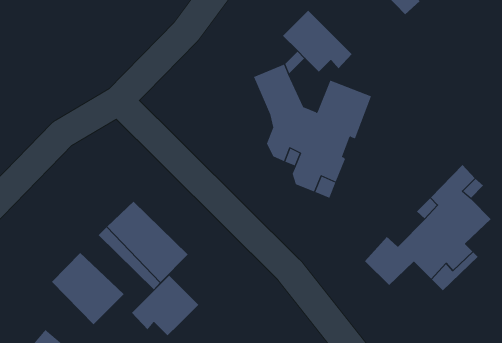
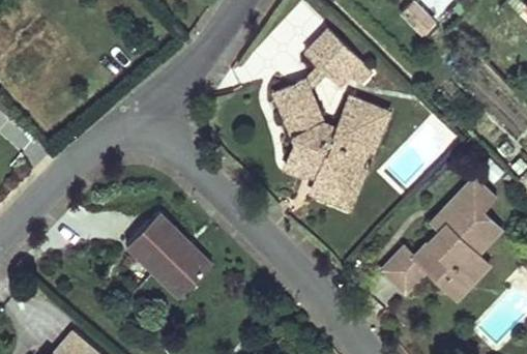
building: [51,252,125,325] -> none
building: [131,275,199,336] -> none

